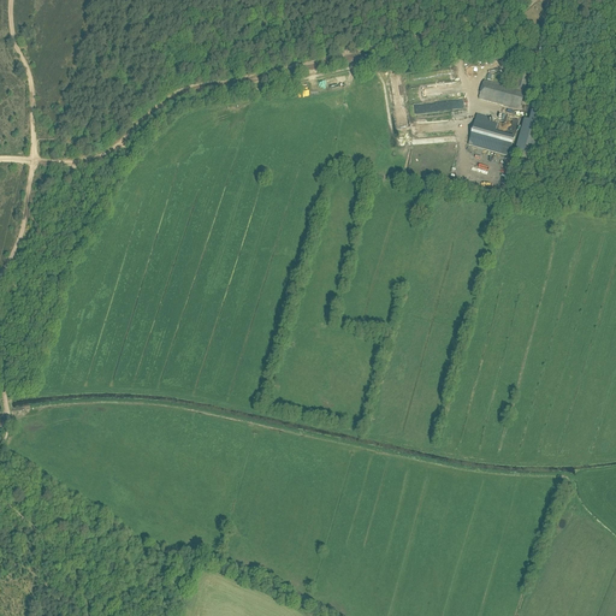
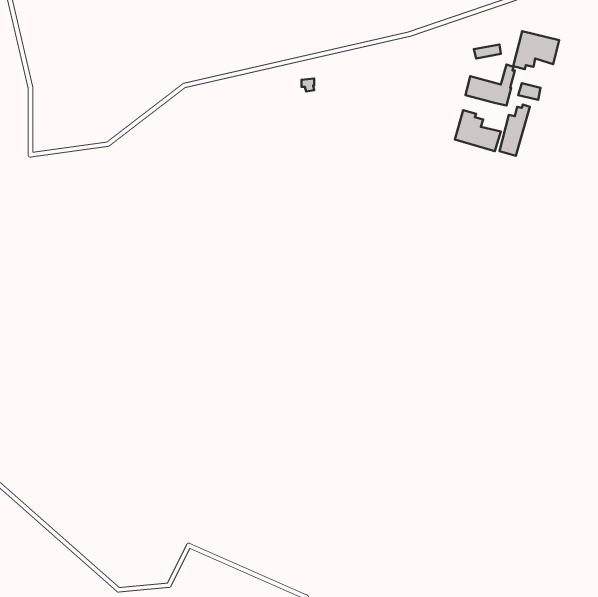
building: none -> [513,31,559,69]

